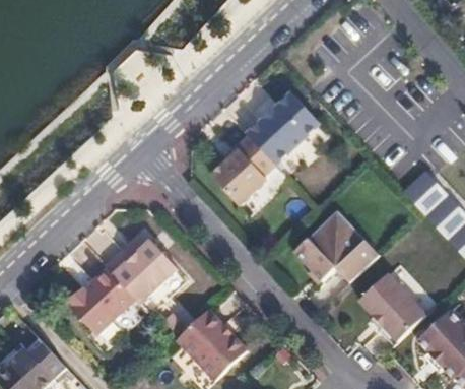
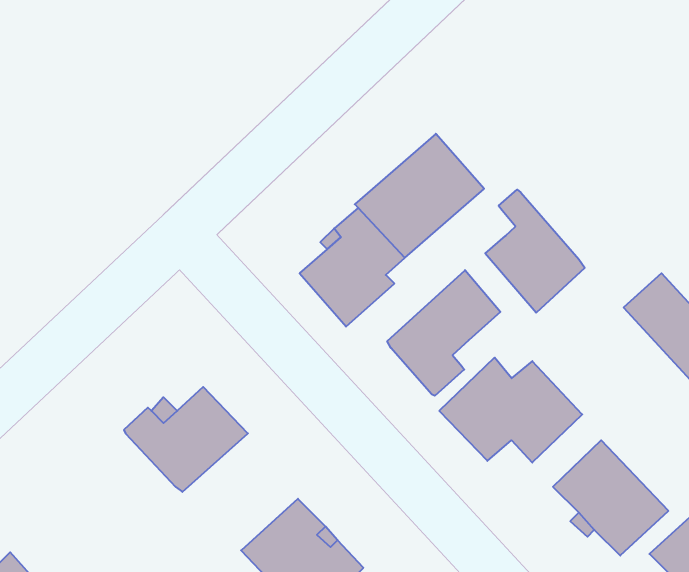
building: none -> [485,190,585,313]
building: none -> [387,270,500,396]
building: [70,267,138,335] -> none

